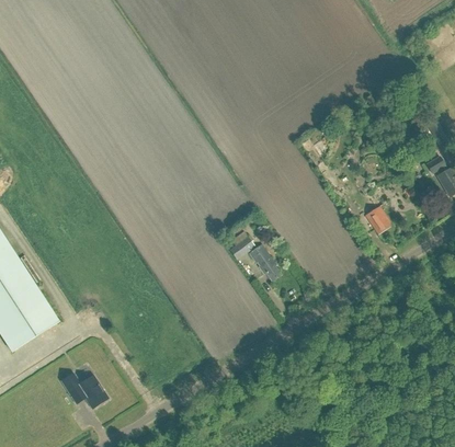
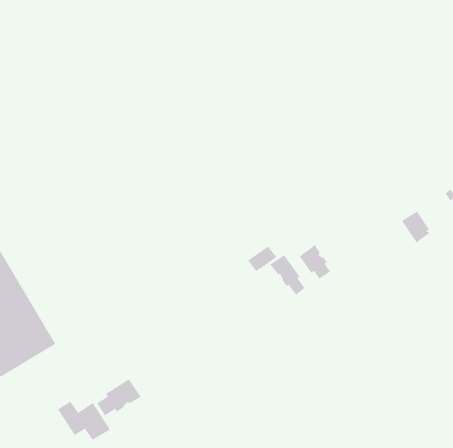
building: none -> [299,244,331,280]
building: none -> [96,379,141,416]

